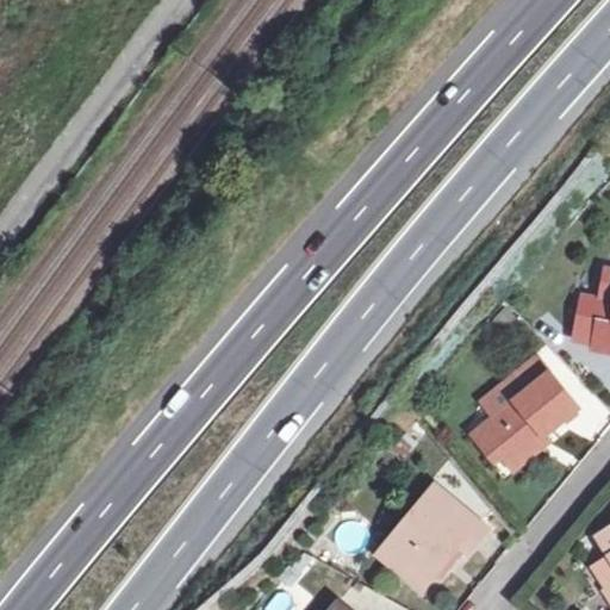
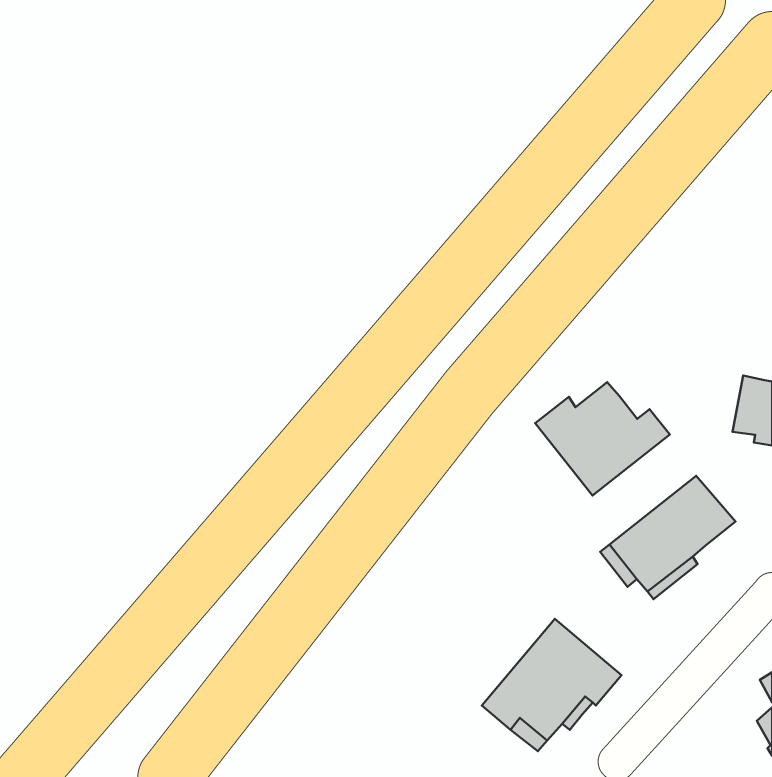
building: none -> [535,382,670,495]

